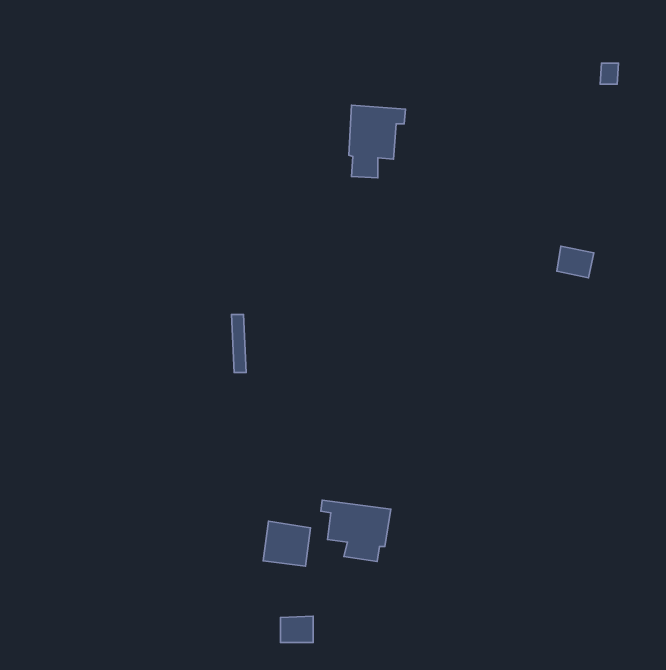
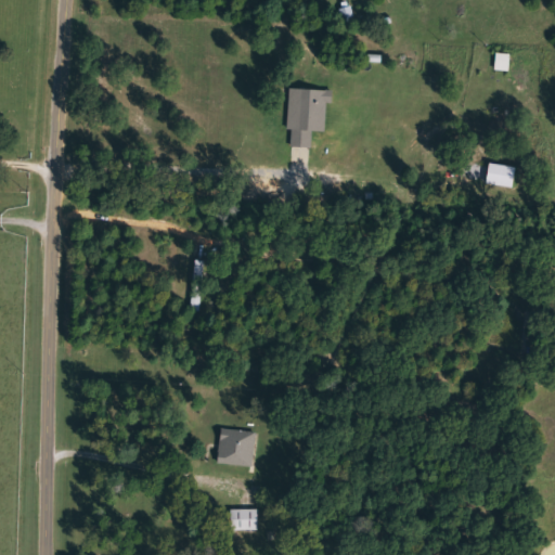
building: [557,246,594,278] -> [487,162,517,188]
building: [321,500,391,561] -> none

